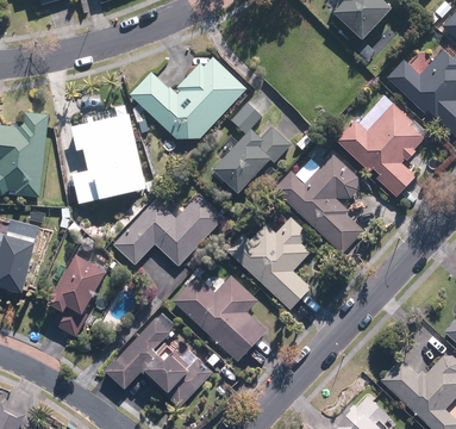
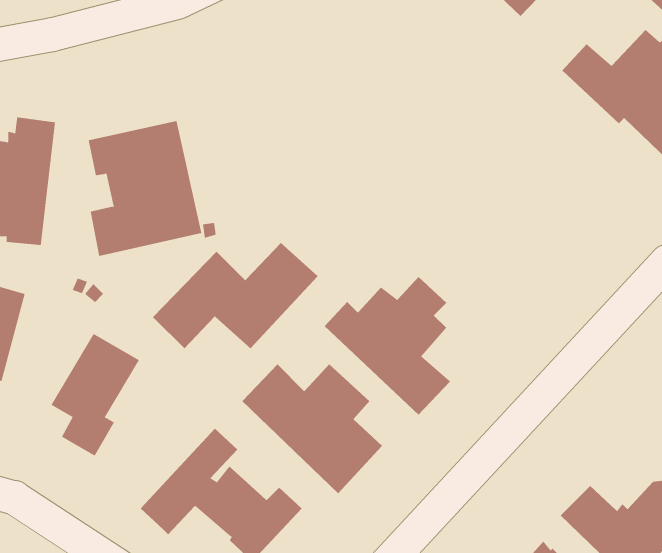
building: [129,56,246,139] -> none
building: [210,102,291,194] -> none
building: [339,105,421,197] -> none
building: [277,153,367,251] -> none

